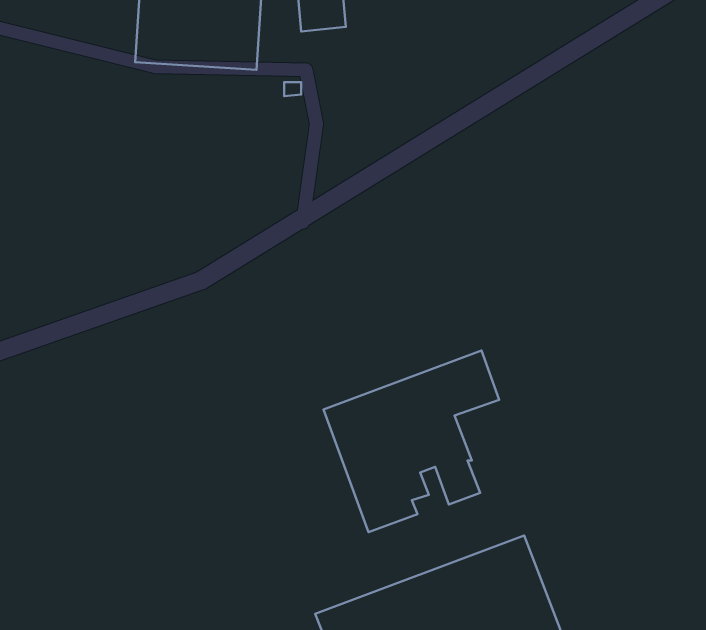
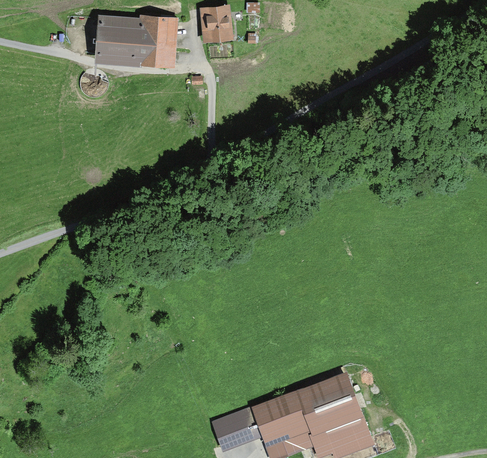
building: [324,350,499,532] -> none

